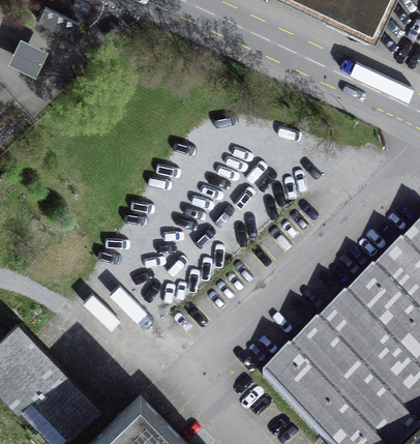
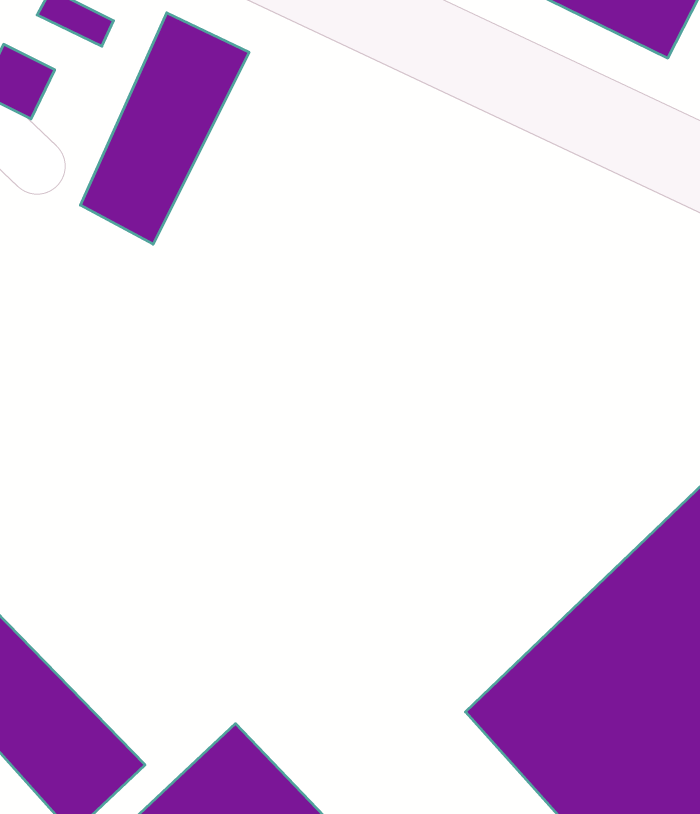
building: none -> [80,13,249,244]

